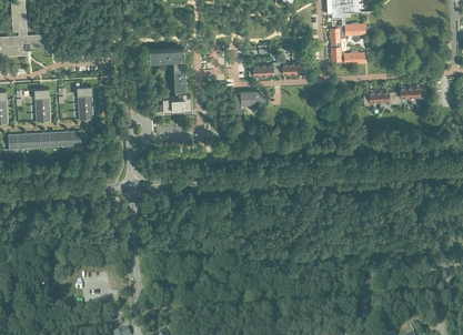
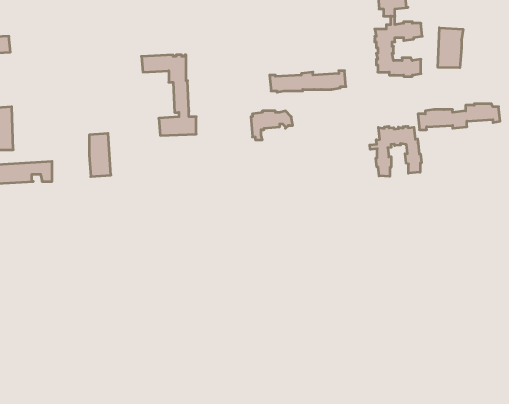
building: none -> [438,28,463,68]
building: [77,84,93,118] -> [89,133,111,177]
building: none -> [370,126,421,176]

